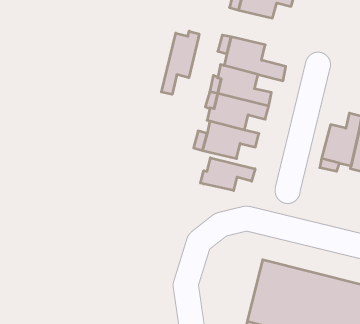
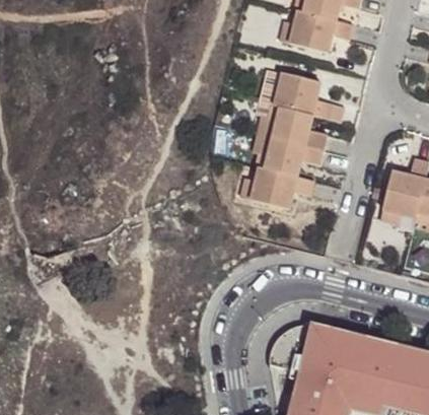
building: [161,31,199,94] -> none
building: [200,158,255,191] -> none

